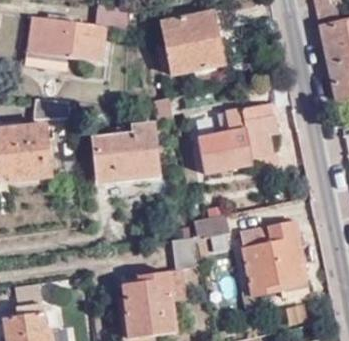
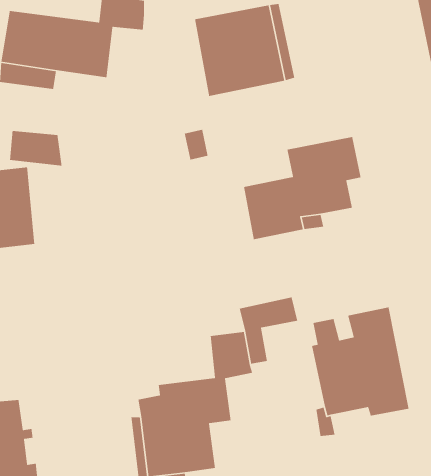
building: [92,122,157,181] -> none

